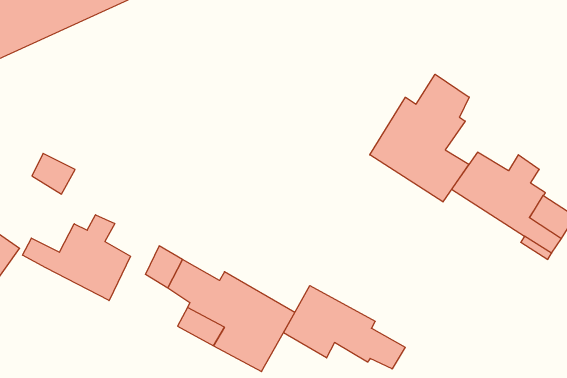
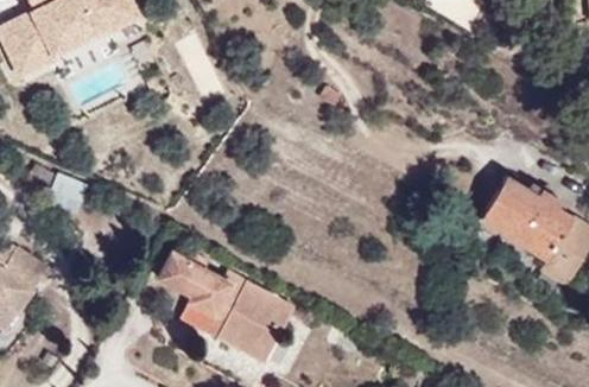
building: [370,74,469,202] -> none
building: [23,215,131,301] -> none
building: [283,286,405,369] -> none

